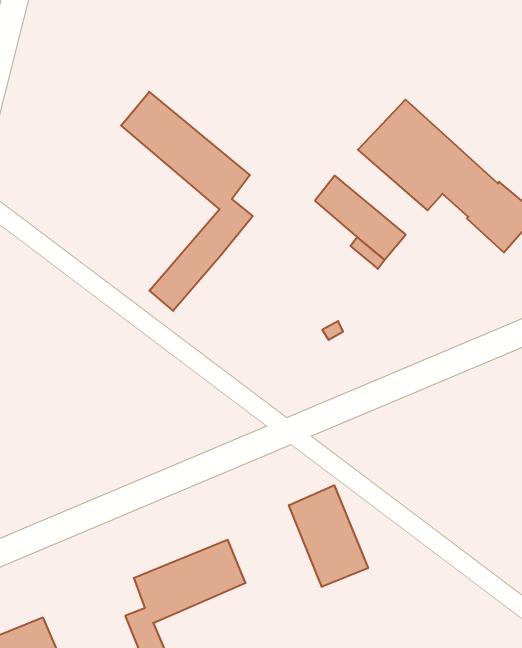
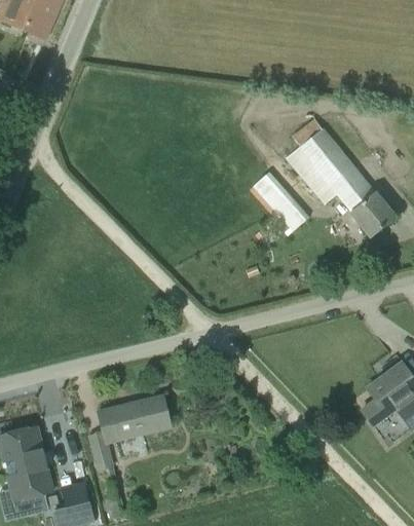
building: [121,92,253,311] -> none
building: [289,485,368,587] -> none

